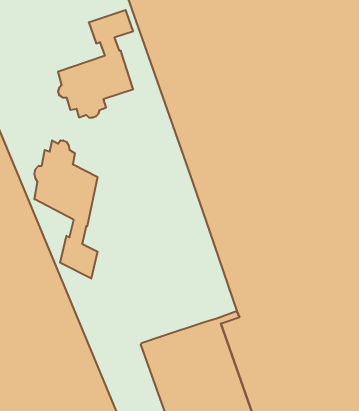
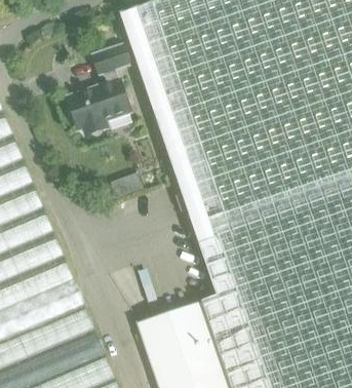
building: [34,140,98,279] -> none

